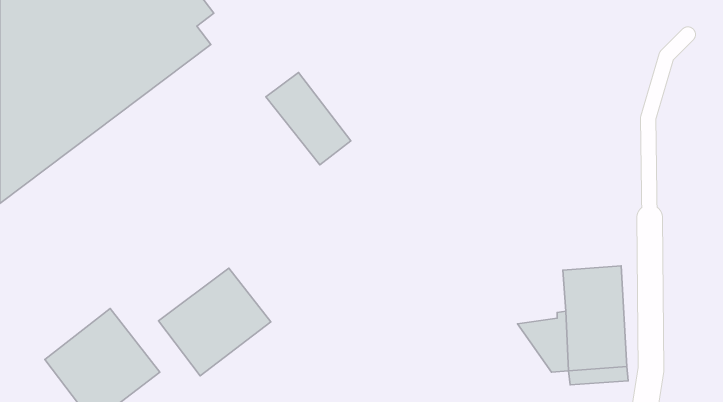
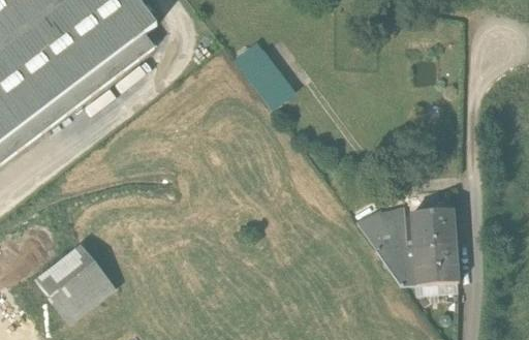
building: [266,73,351,165] -> [232,42,294,110]
building: none -> [355,210,406,251]
building: [159,268,271,376] -> none

